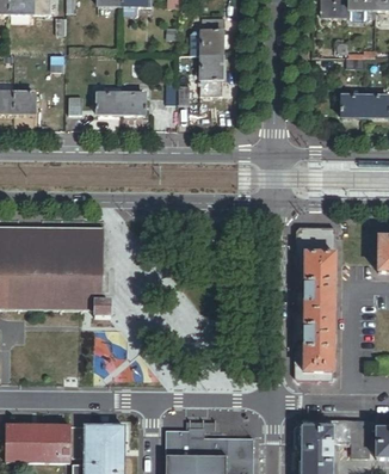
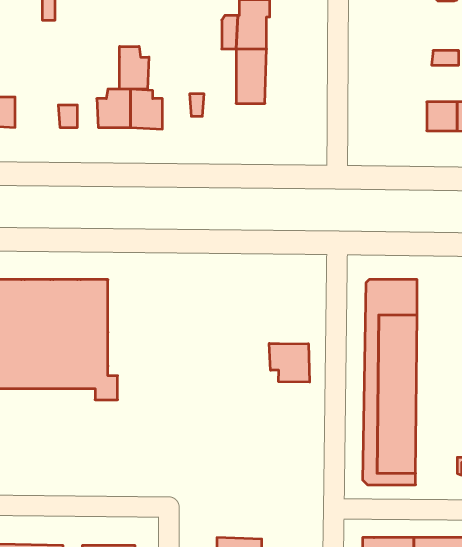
building: none -> [120,46,149,89]
building: none -> [269,343,310,382]

